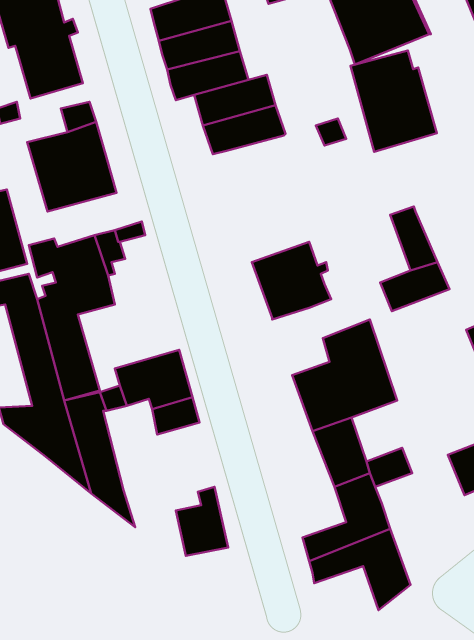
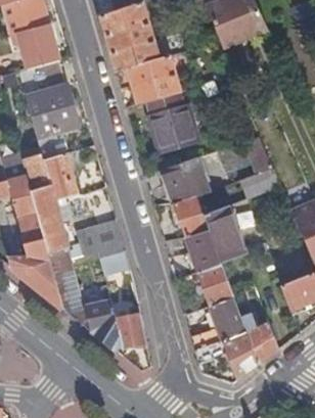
building: [351,50,437,152] -> [145,92,197,153]
building: none -> [173,196,208,237]
building: none -> [83,286,121,351]
building: none -> [239,311,278,364]

